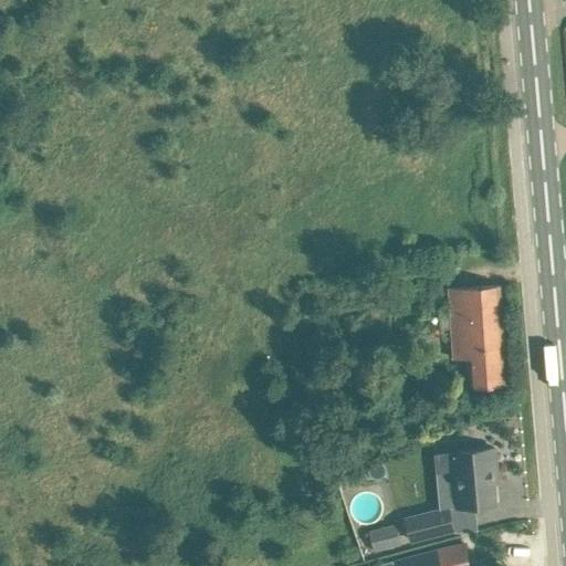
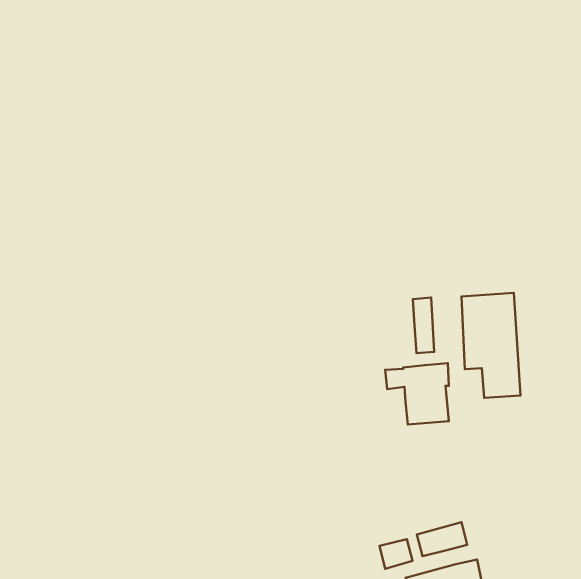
building: none -> [413,297,434,353]
building: [433,450,495,510] -> [385,363,449,425]

